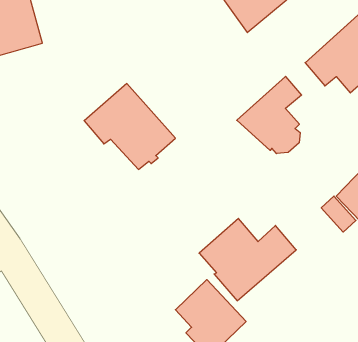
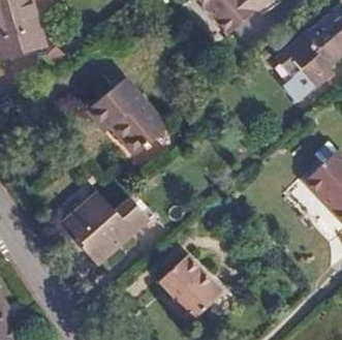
building: [237,76,302,154] -> none
building: [199,218,296,301] -> [63,190,150,264]

